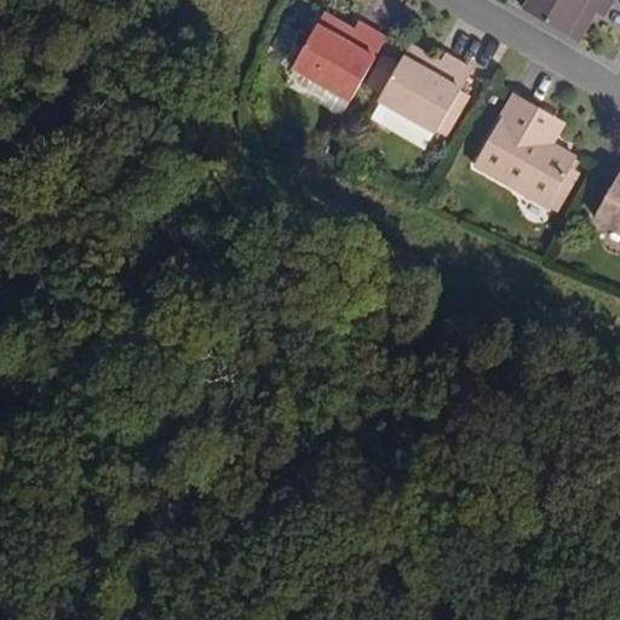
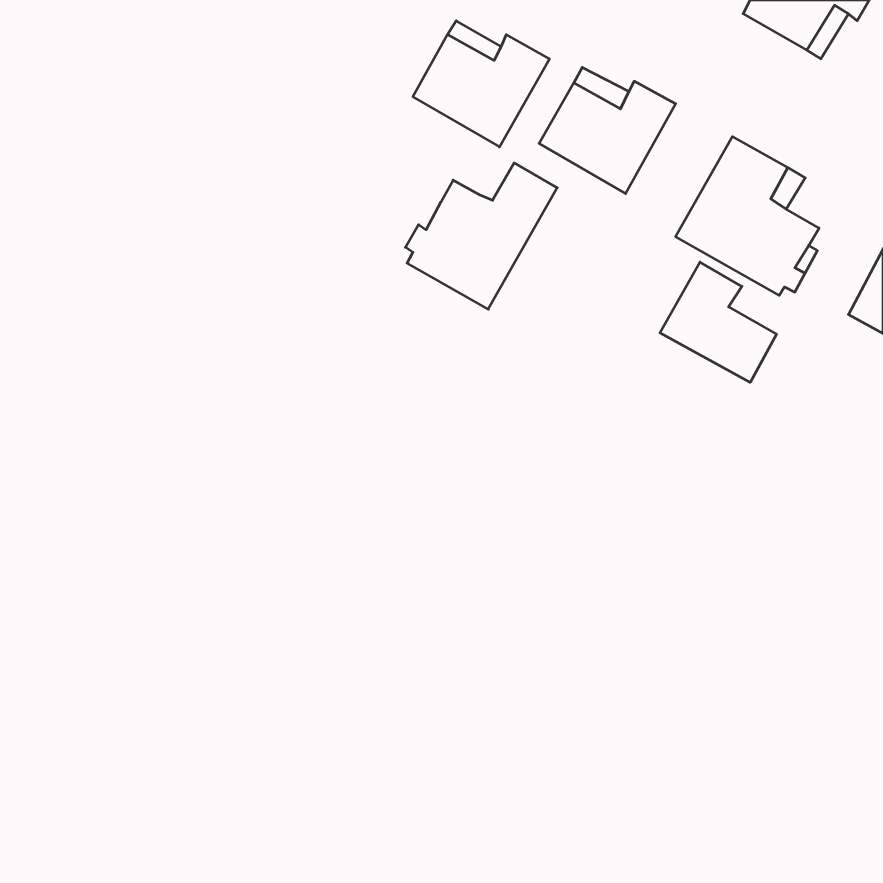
building: none -> [405,163,557,309]
building: none -> [660,262,776,382]

